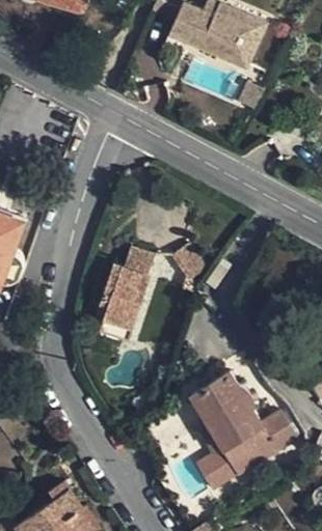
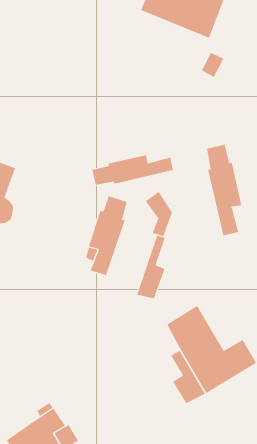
building: none -> [206,144,242,236]
building: none -> [92,154,174,185]
building: none -> [137,235,166,299]

